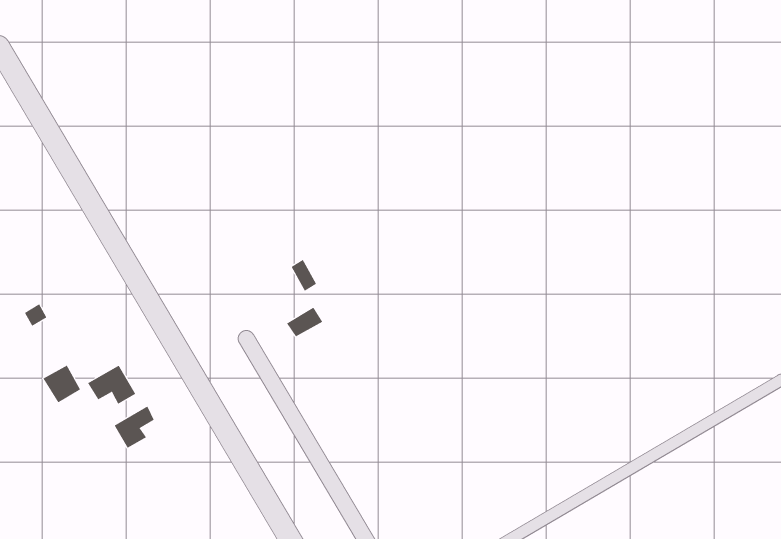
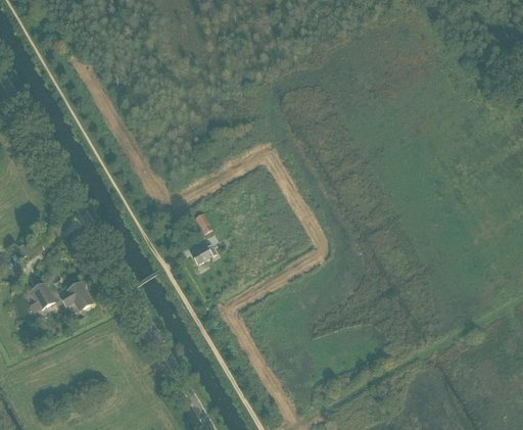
building: [114,406,155,449] -> none

